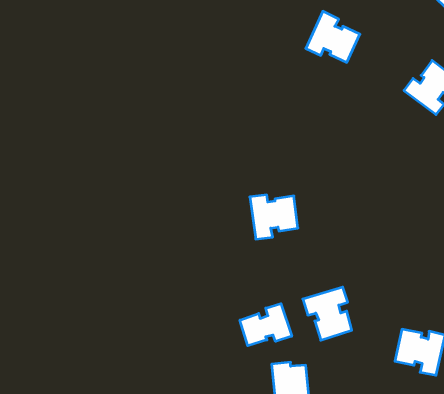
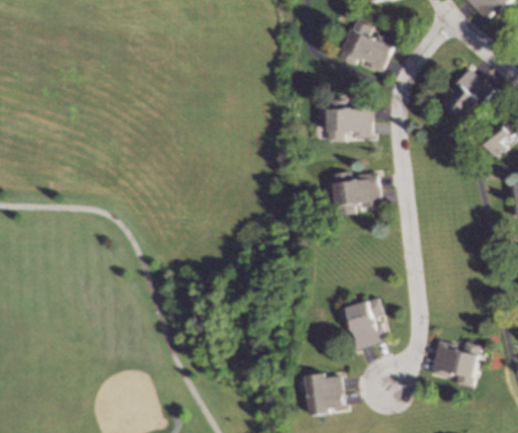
building: none -> [328,99,372,142]
building: [250,195,298,239] -> [333,171,381,215]
building: [240,304,292,346] -> none

